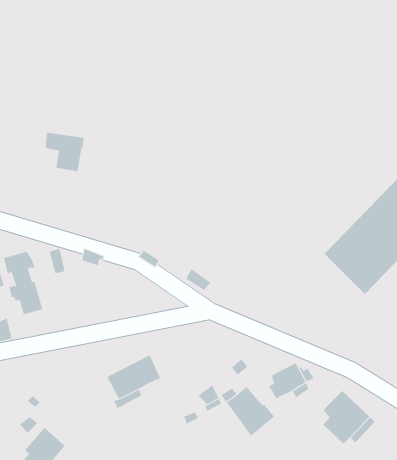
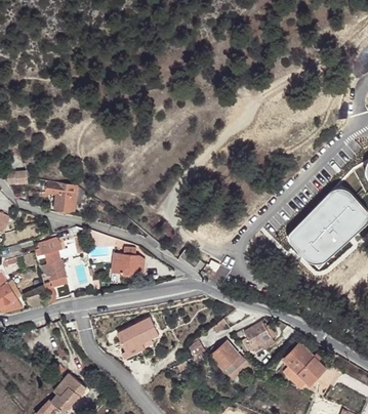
building: [45,132,85,172] -> [48,180,79,211]
building: none -> [110,248,137,279]

